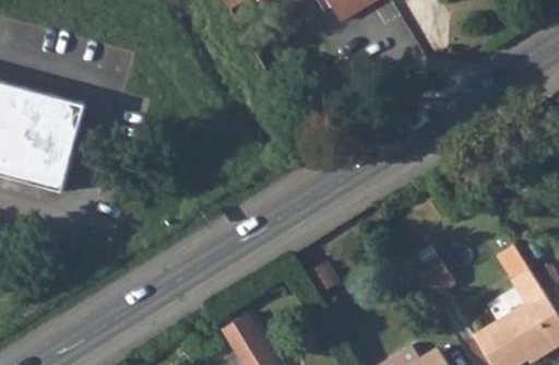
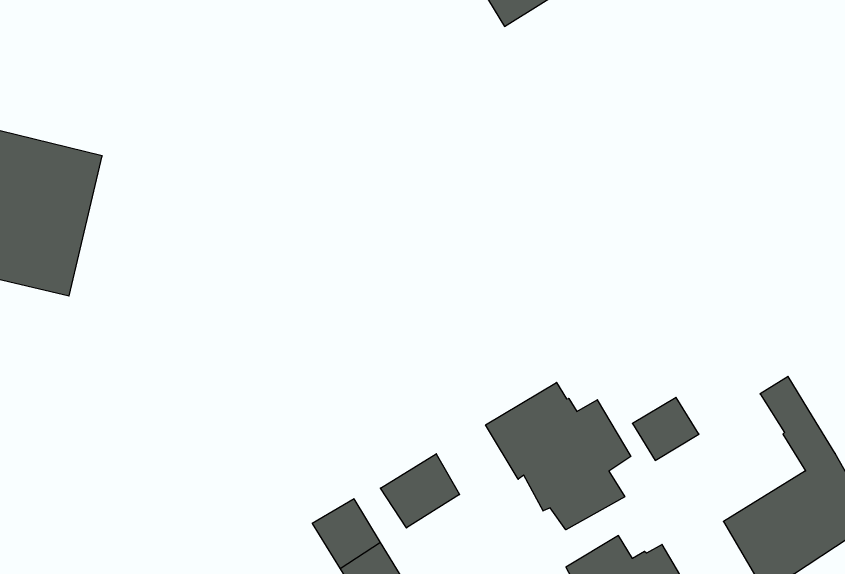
building: none -> [486,382,631,530]
building: none -> [380,454,460,528]

